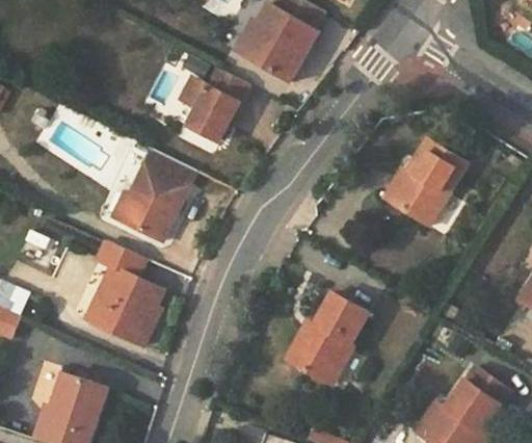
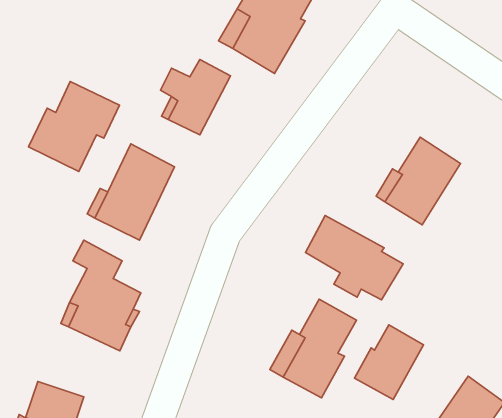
building: none -> [29,82,120,172]
building: none -> [305,215,403,300]
building: none -> [354,325,423,400]

